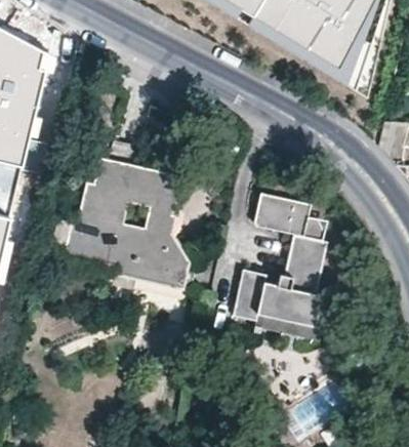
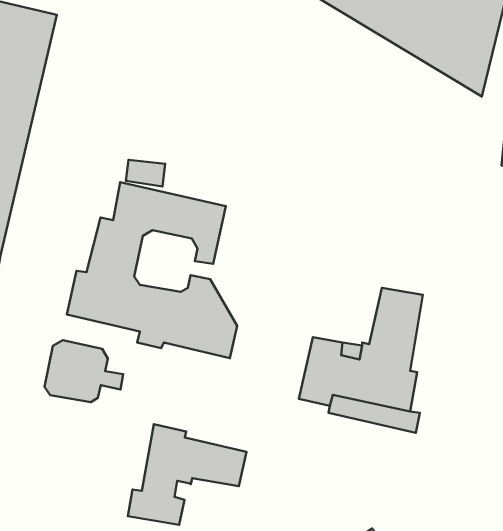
building: [252,192,326,240] -> none
building: [113,193,170,238] -> [44,340,123,402]
building: none -> [128,424,247,525]

